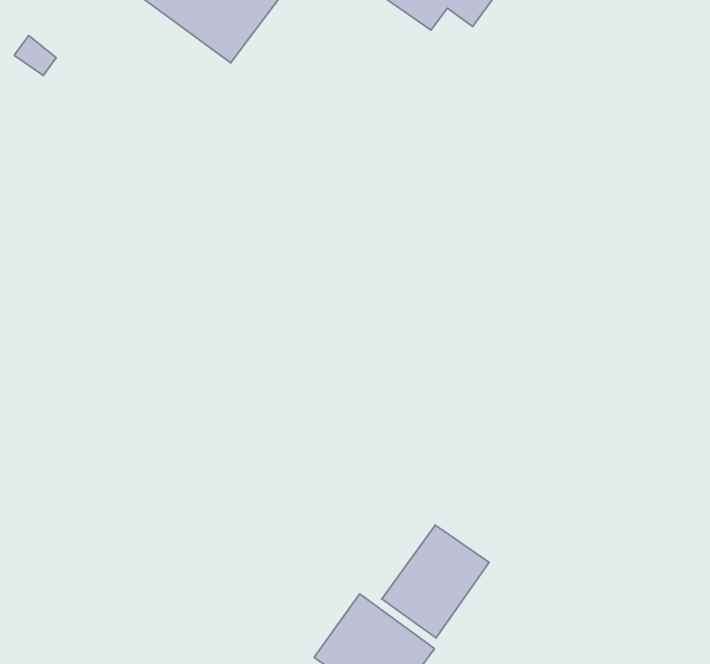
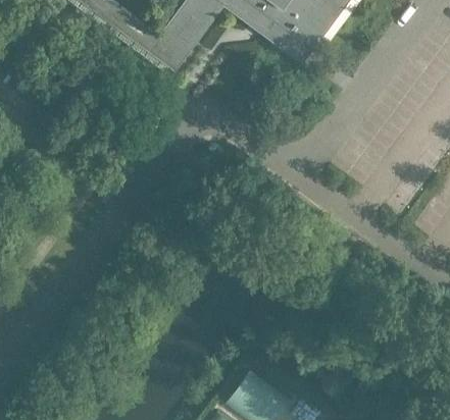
building: [382,525,489,638] -> none

